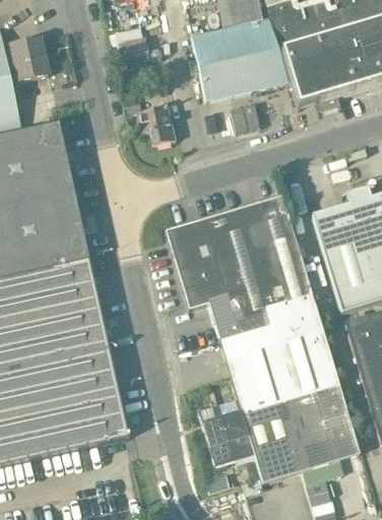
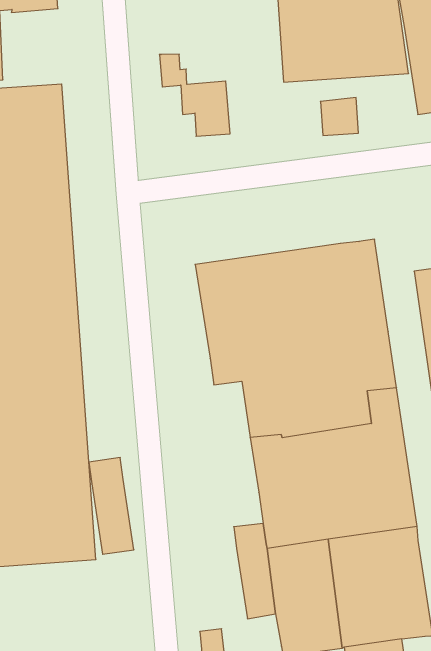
building: [197,399,236,465] -> [89,458,134,554]

